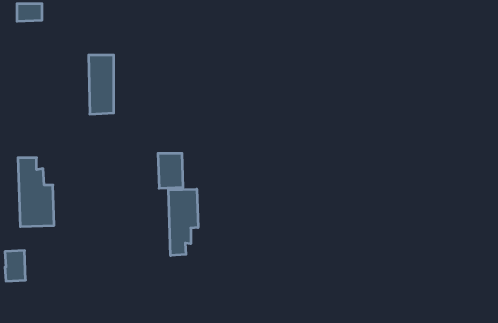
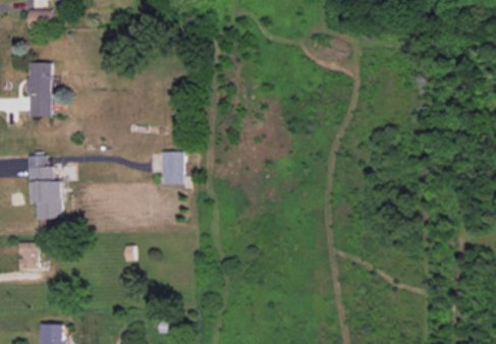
building: [89,55,114,114] -> [27,62,51,117]
building: [168,189,198,256] -> none

